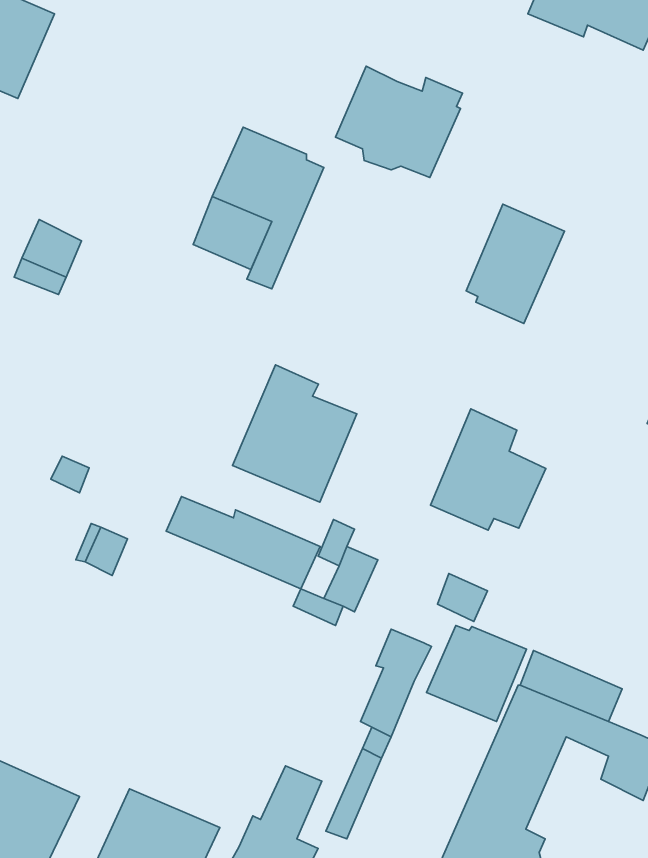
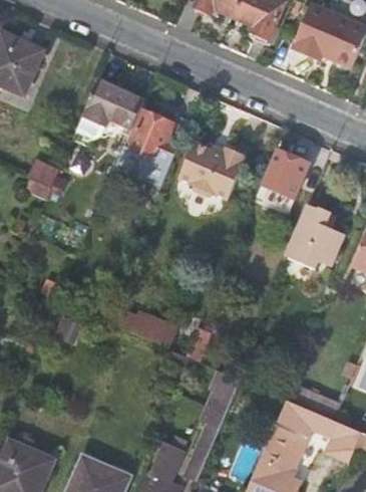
building: [335,66,462,178] -> [178,140,245,198]
building: none -> [75,77,145,135]
building: [232,365,357,502] -> none
building: [430,409,546,530] -> [285,202,345,265]
building: [427,626,526,721] -> none

